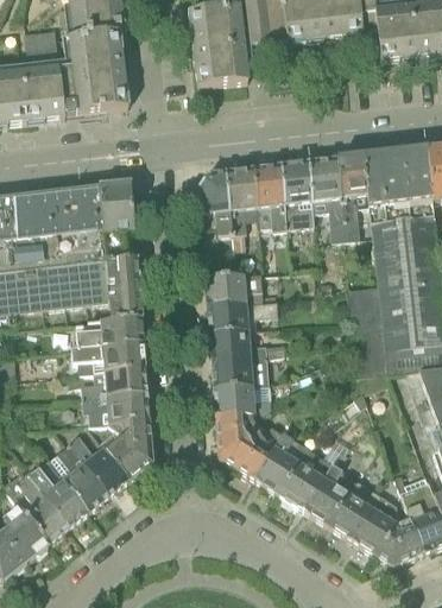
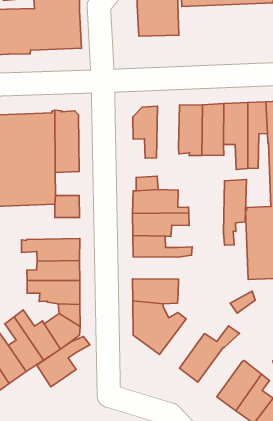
building: [227,165,257,248] -> [223,180,246,245]
building: [106,256,138,289] -> none
building: [75,314,143,346] -> none
building: [210,354,267,385] -> none
building: [252,430,305,492] -> none
building: none -> [37,336,90,387]
building: [302,462,355,524] -> none

